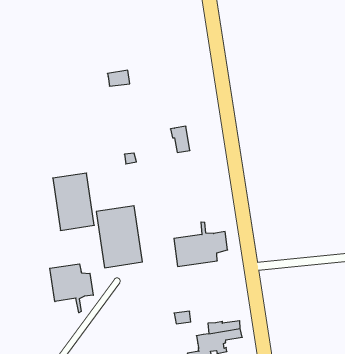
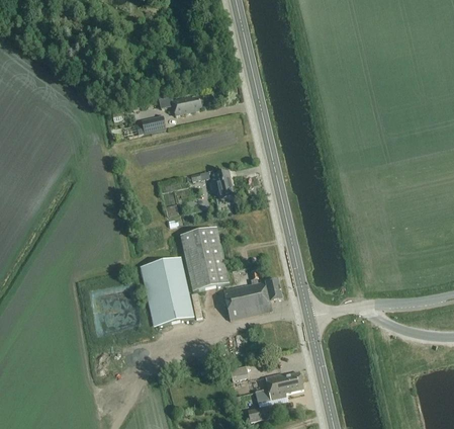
building: none -> [171,97,200,115]
building: [53,173,94,230] -> [181,228,229,290]
building: [50,264,93,313] -> none

